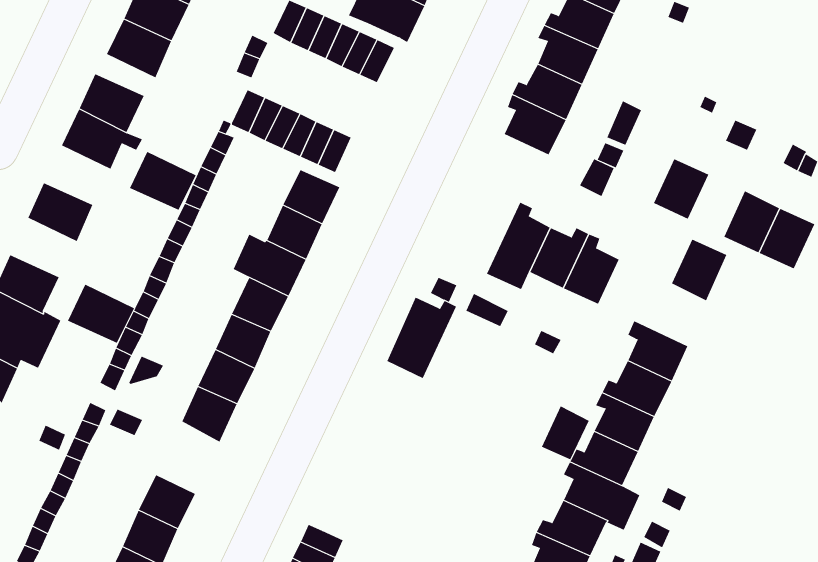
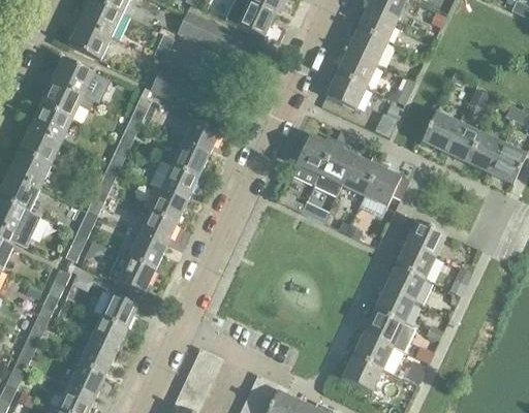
building: [129,151,197,211] -> [29,104,72,142]
building: [671,239,727,301] -> [444,123,480,163]
building: [67,284,135,343] -> [7,151,51,189]
building: [386,297,457,379] -> [290,134,336,187]
building: [541,405,589,460] -> none
building: none -> [101,294,137,328]

